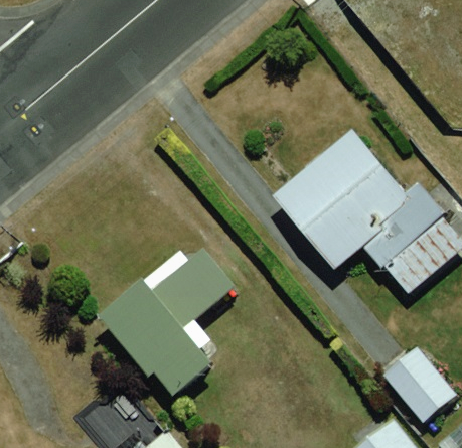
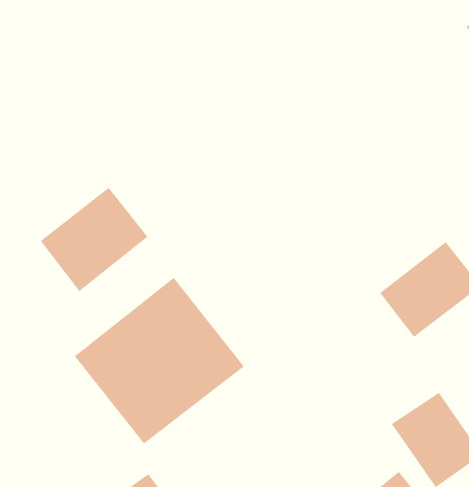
building: [272,128,420,273] -> none
building: none -> [40,187,148,292]

